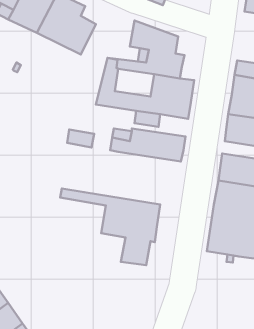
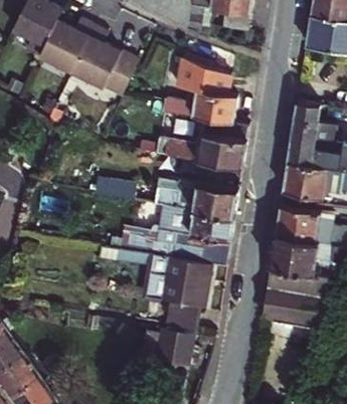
building: none -> [125,204,233,265]
building: none -> [156,326,194,364]

